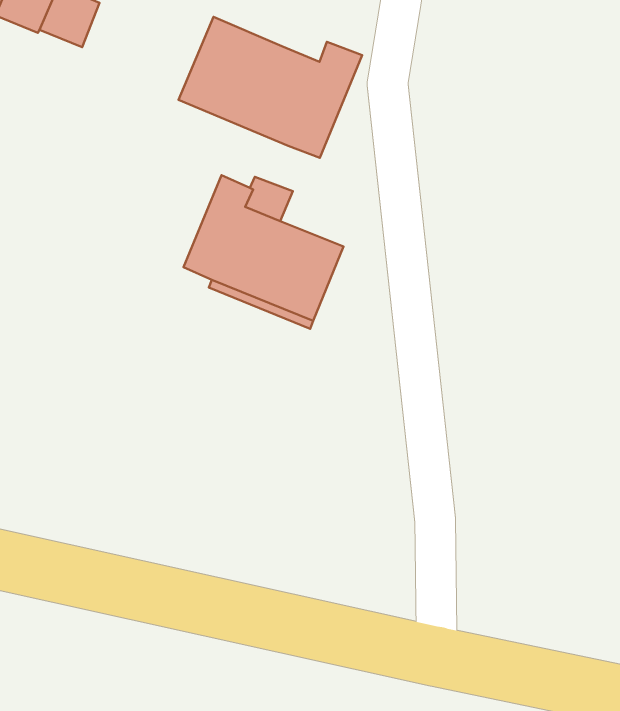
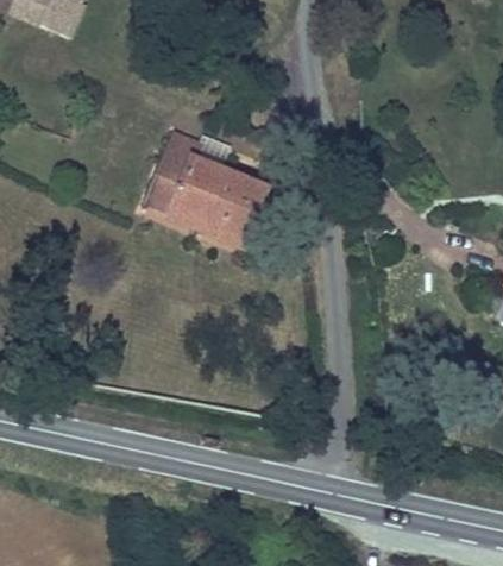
building: [179,17,362,158] -> none

